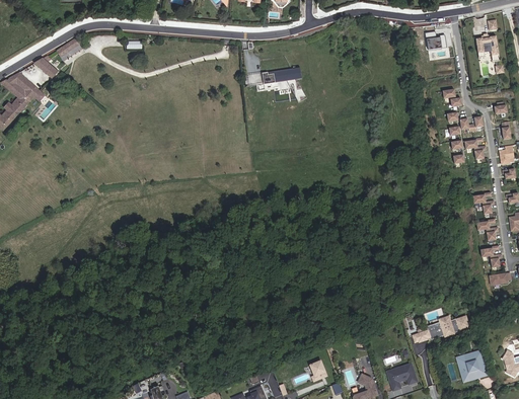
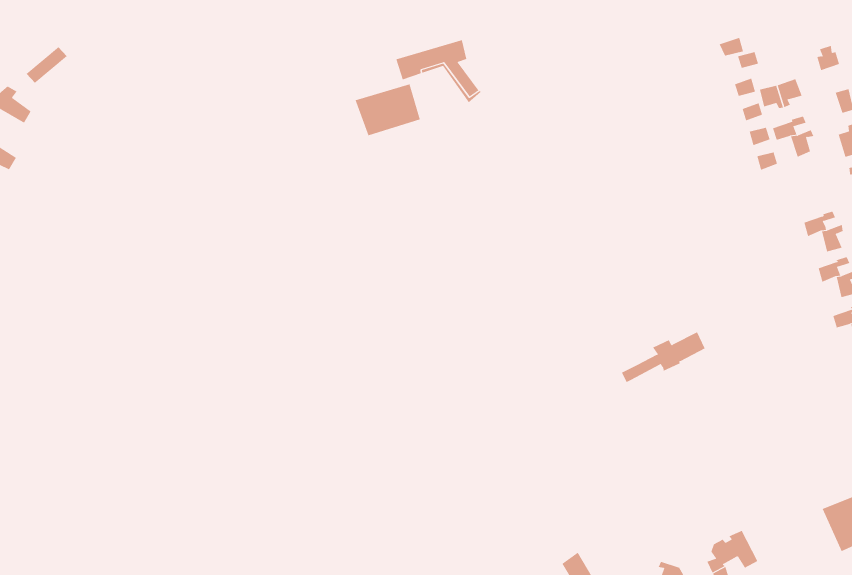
building: none -> [355,84,420,136]
building: [423,317,471,339] -> [621,331,706,383]

